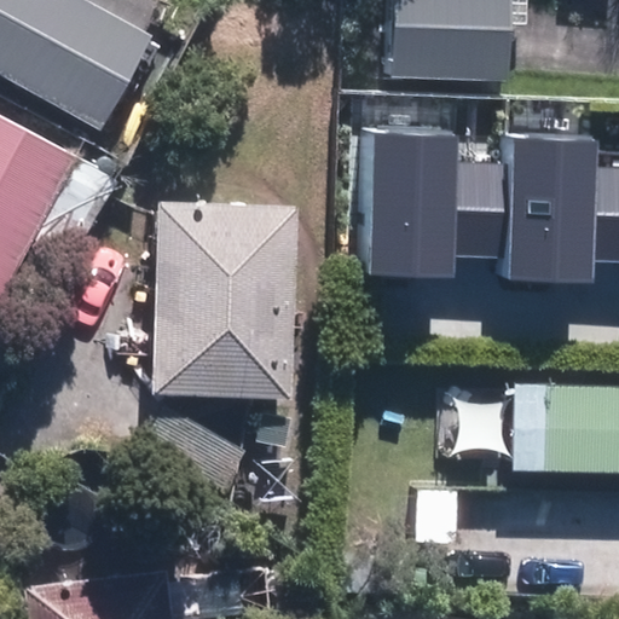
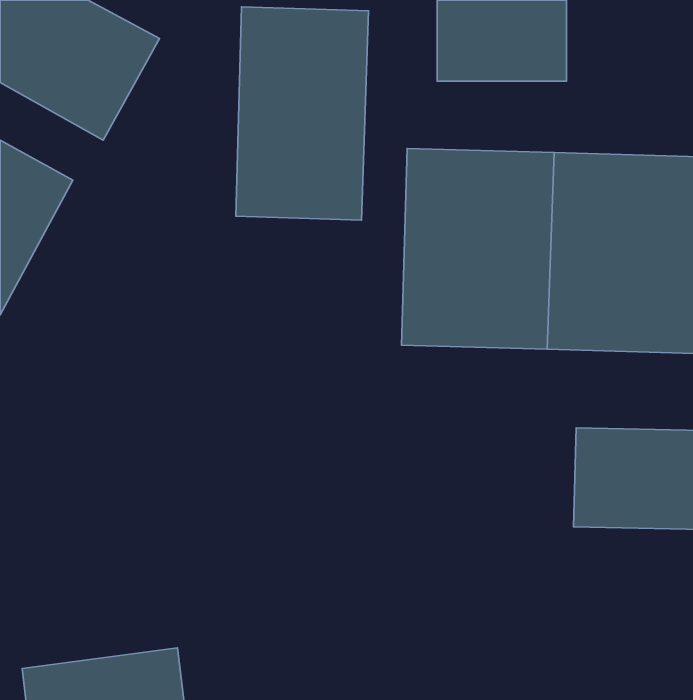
building: none -> [236,7,368,220]
building: [154,201,294,391] -> none

